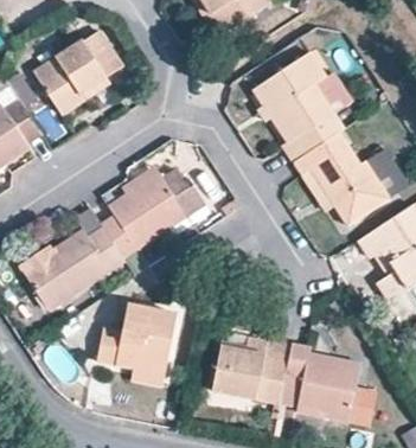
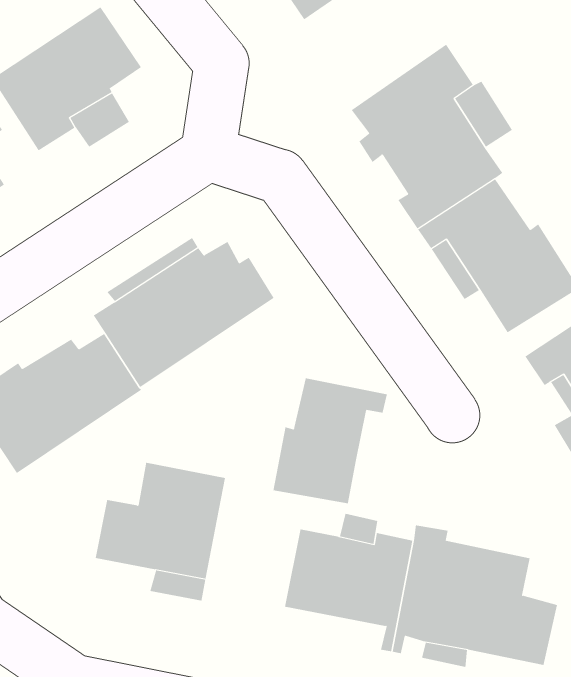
building: none -> [273,377,388,504]

